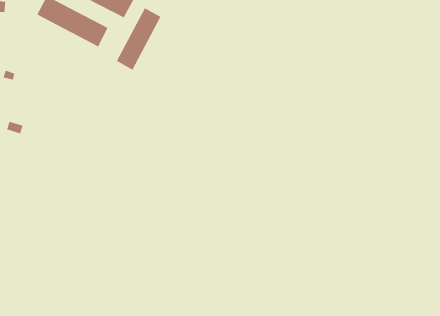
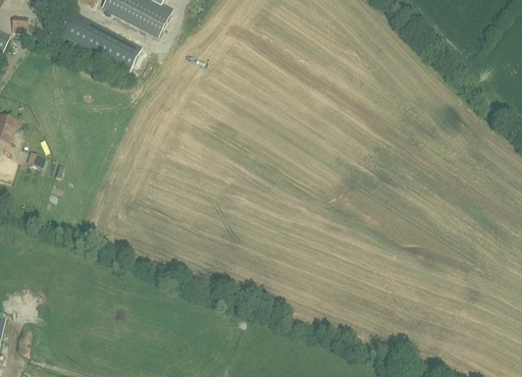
building: [116,7,161,71] -> none

